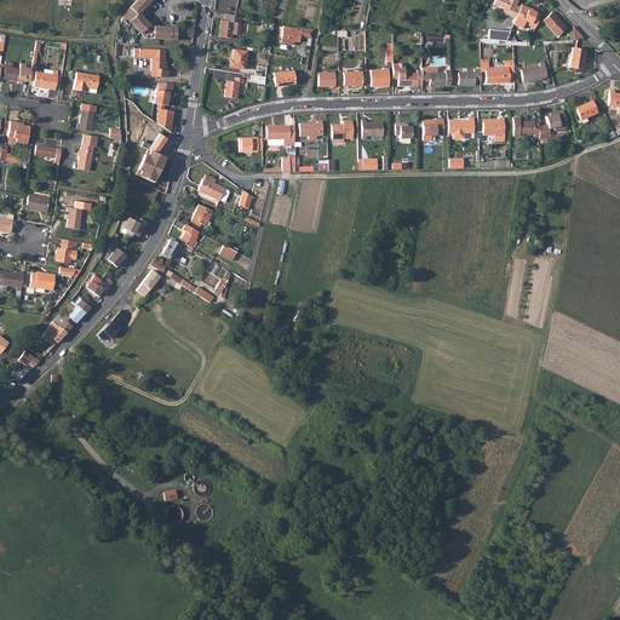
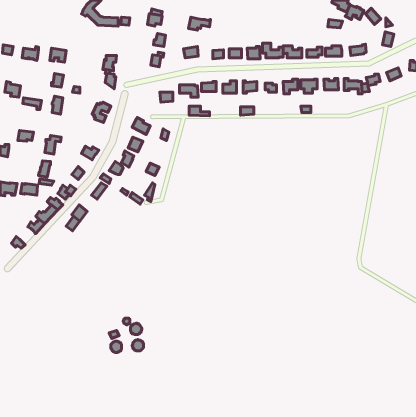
building: [134,47,168,76] -> none

